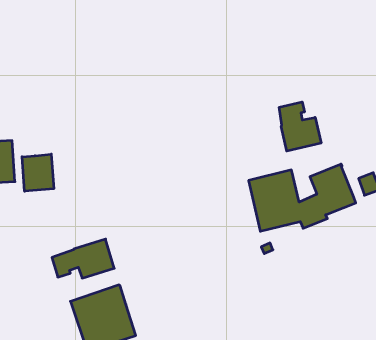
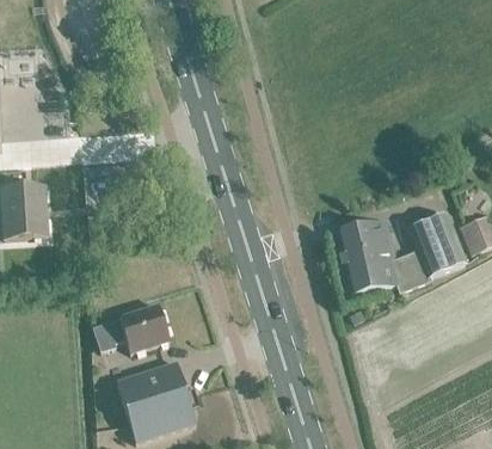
building: [279,102,321,151] -> none
building: [22,154,54,191] -> none

